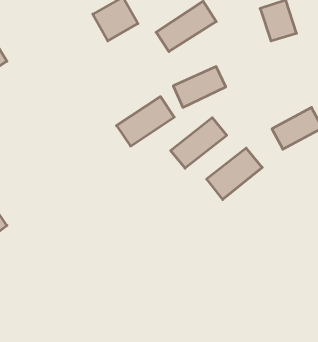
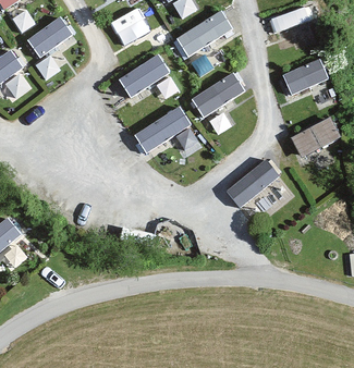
building: none -> [26,17,73,54]
building: none -> [118,51,169,98]
building: none -> [281,58,330,96]
building: [171,118,227,168] -> none

